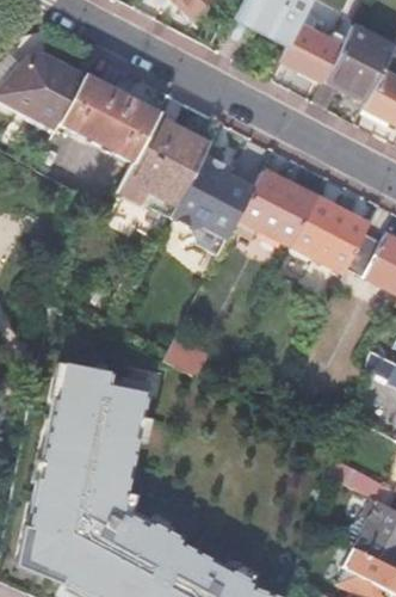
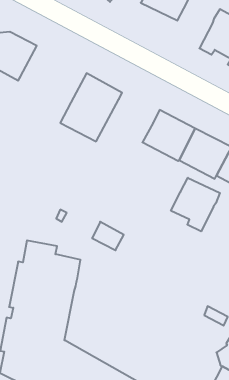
building: [280,21,341,80] -> none
building: [60,76,157,160] -> none
building: [171,155,254,254] -> none
building: none -> [171,178,220,231]

